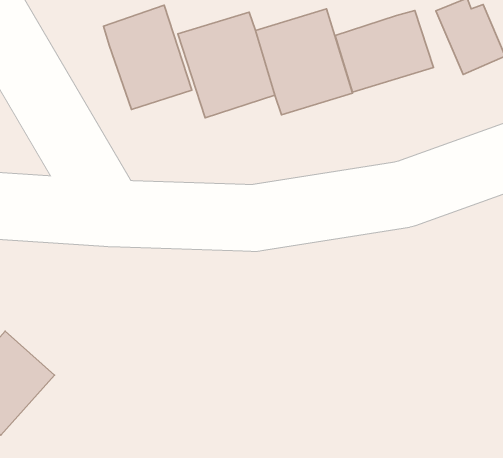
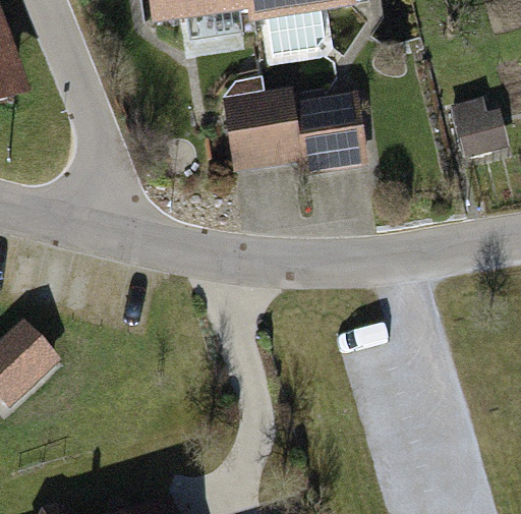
building: [104,5,192,110] -> none
building: [335,10,433,92] -> none

